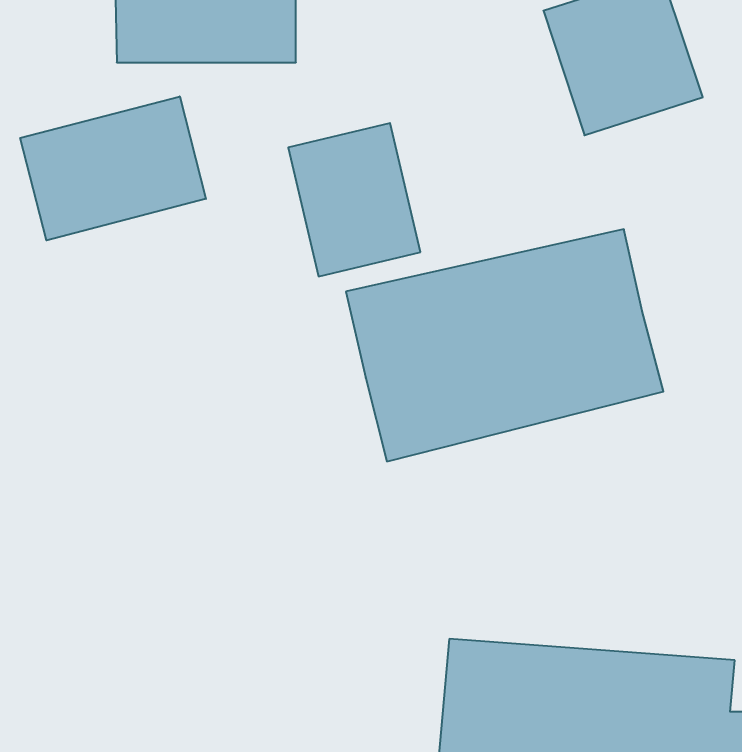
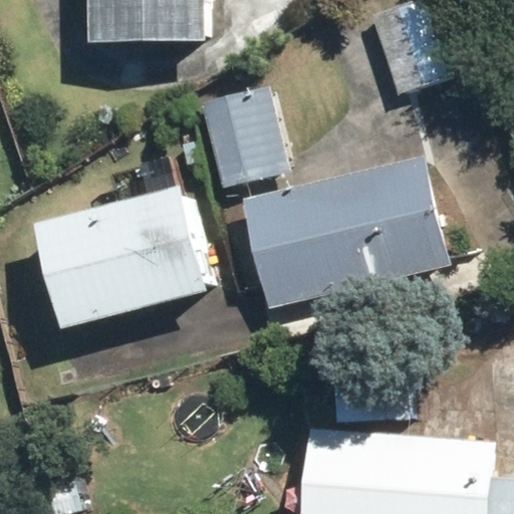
building: [20,96,206,240] -> none
building: none -> [34,188,214,331]

